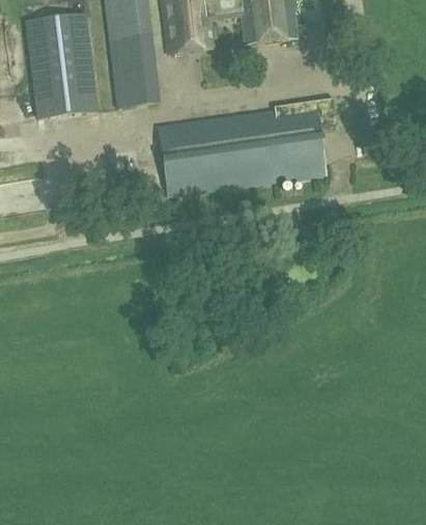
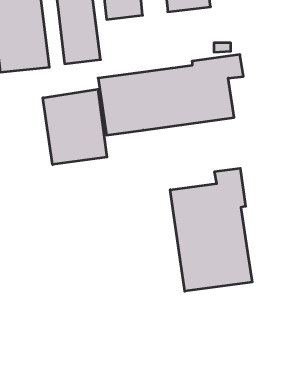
building: none -> [43,89,107,165]
building: none -> [170,168,252,291]

